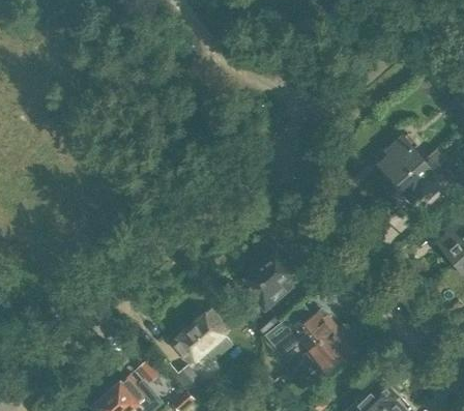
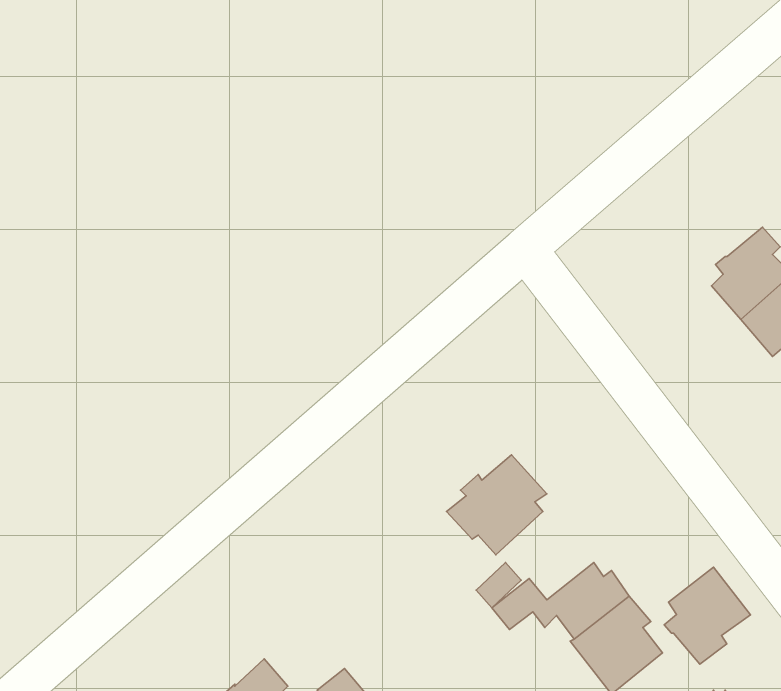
building: [173,311,233,363] -> none
building: none -> [664,567,750,664]

